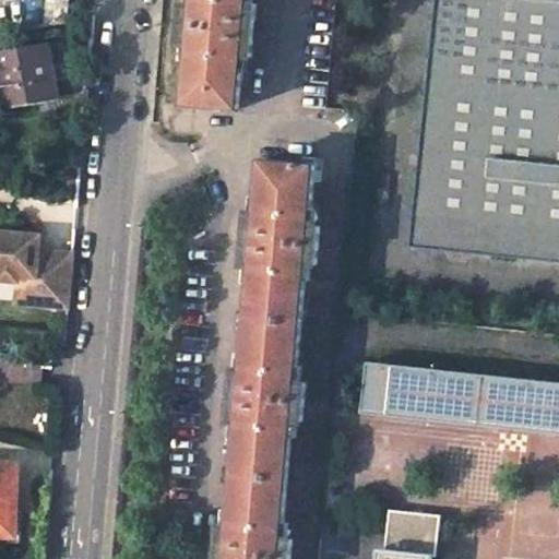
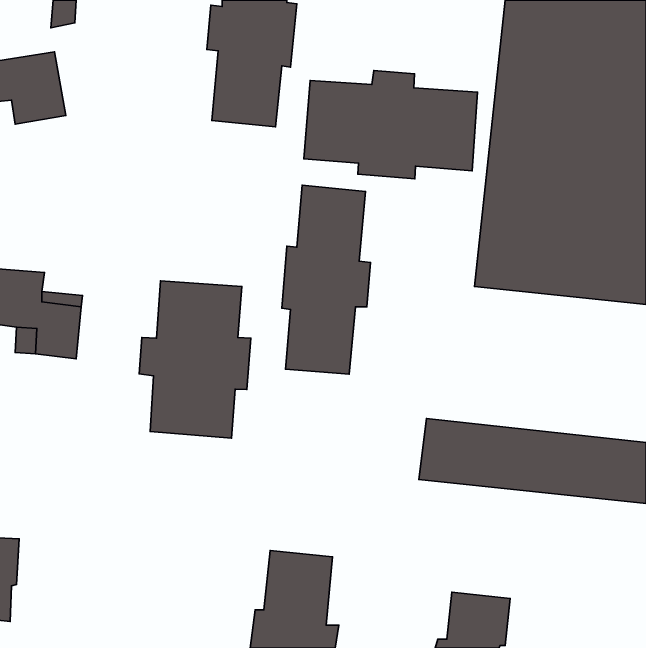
building: none -> [304,71,478,179]
building: none -> [139,281,251,438]
building: [228,318,305,479] -> none

